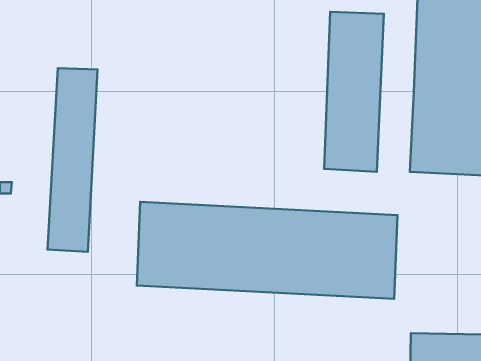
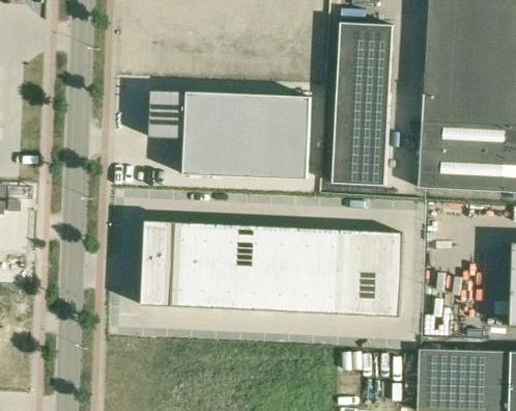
building: [47,68,97,252] -> none
building: none -> [149,91,312,182]

